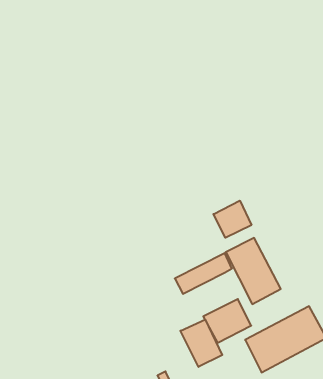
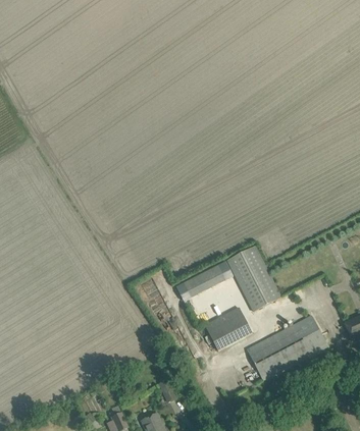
building: [213,201,251,238] -> none
building: [180,320,222,367] -> none

